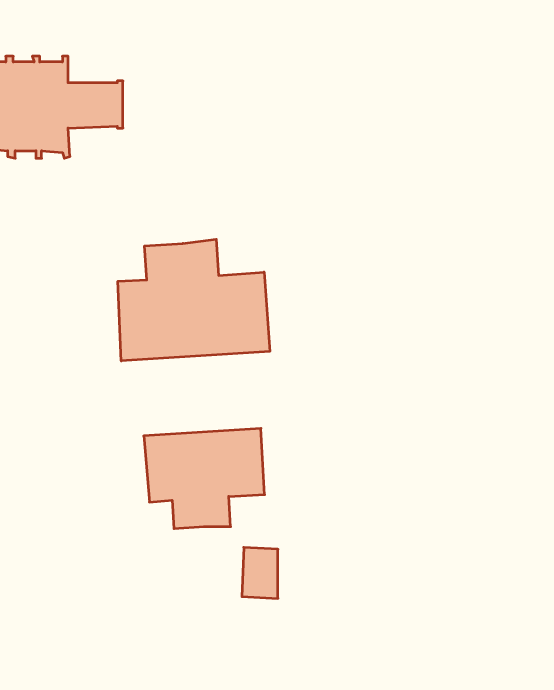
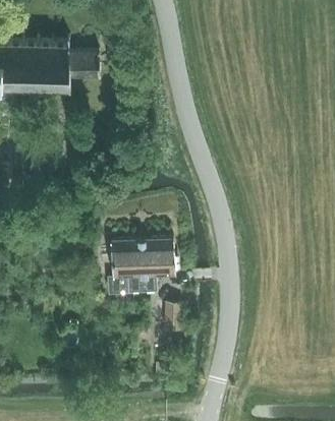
building: [118,239,270,361] -> none

